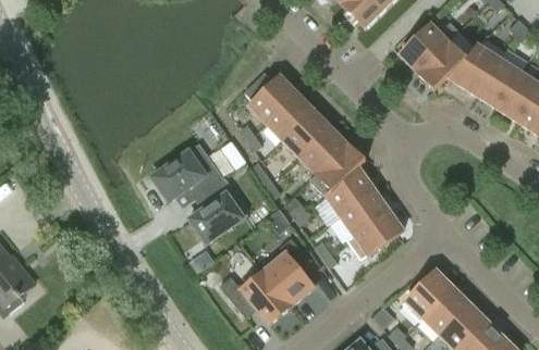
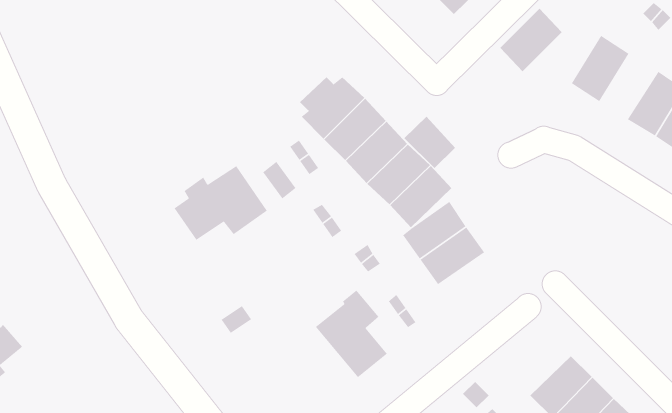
building: [417,42,465,89] -> none
building: [476,59,520,109] -> none
building: none -> [403,116,456,169]
building: [188,177,247,243] -> none
building: [345,210,403,261] -> none
building: [219,266,292,325] -> none
building: [402,270,454,322] -> none

